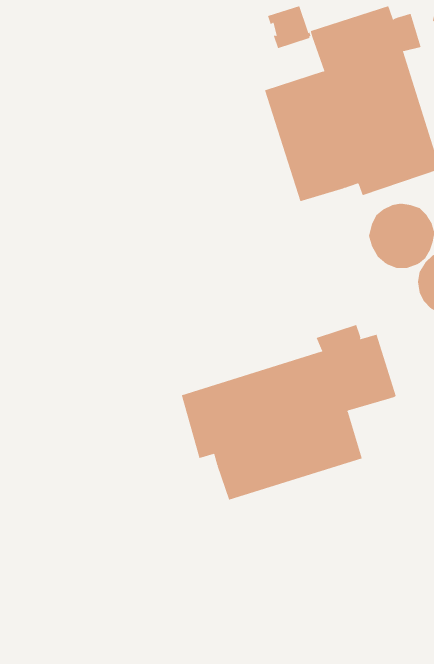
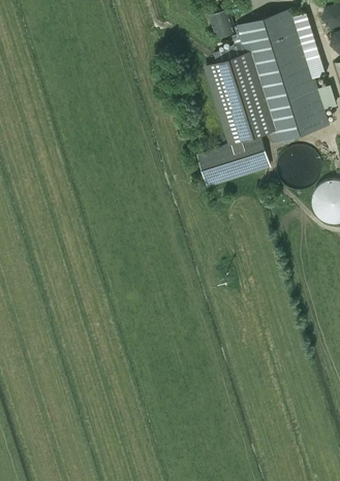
building: none -> [198,136,271,187]
building: [181,324,396,500] -> none

